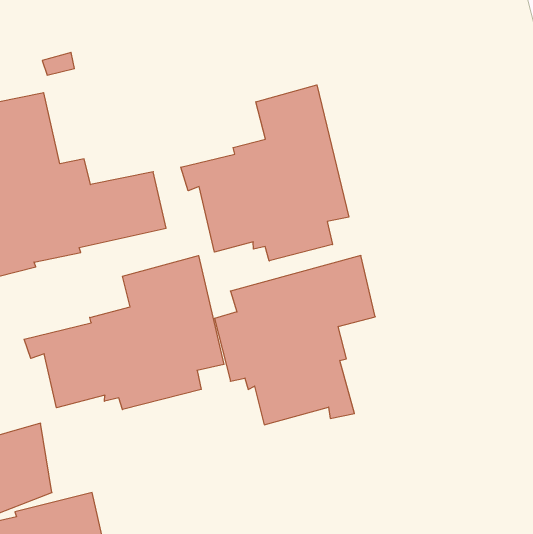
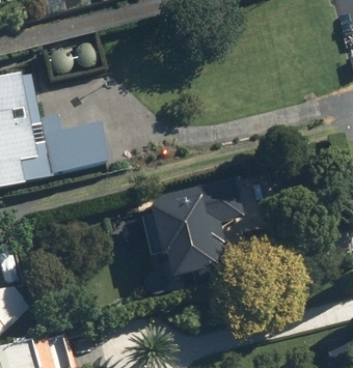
building: [181,85,349,261] -> none
building: [24,256,224,410] -> none

